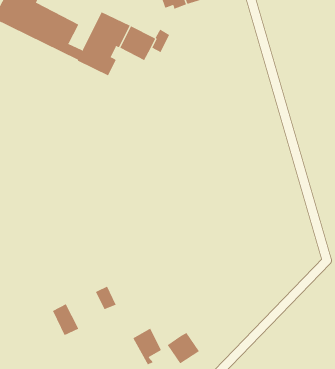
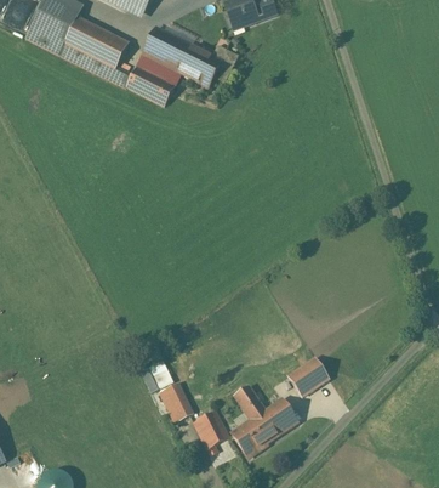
building: none -> [287,356,327,396]
building: [52,304,79,336] -> [160,381,193,420]
building: none -> [234,384,297,436]

